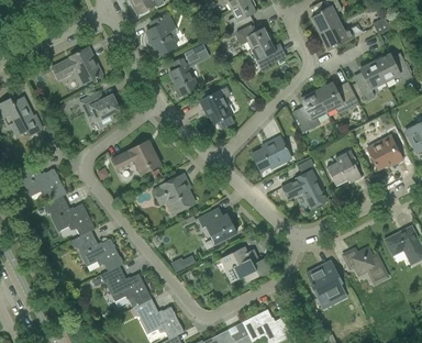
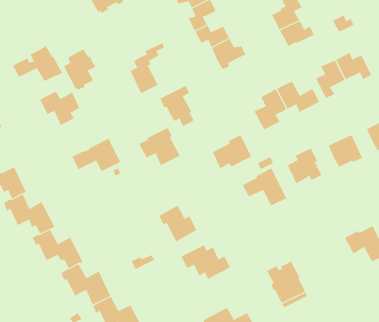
building: [146,14,179,56] -> [63,49,96,90]
building: [153,174,195,212] -> [139,127,180,166]
building: [346,247,388,284] -> none

